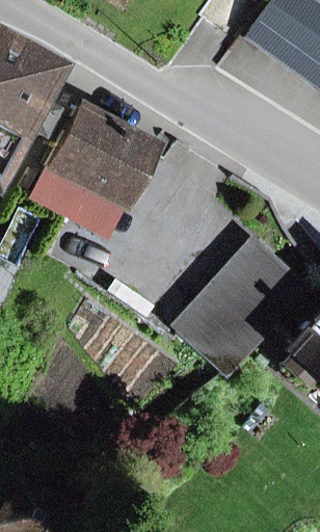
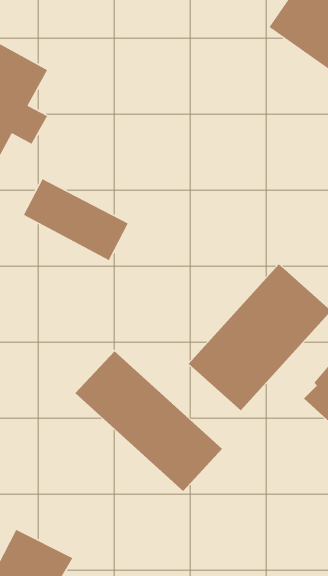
building: [47,105,156,205] -> none
building: none -> [74,350,223,492]

